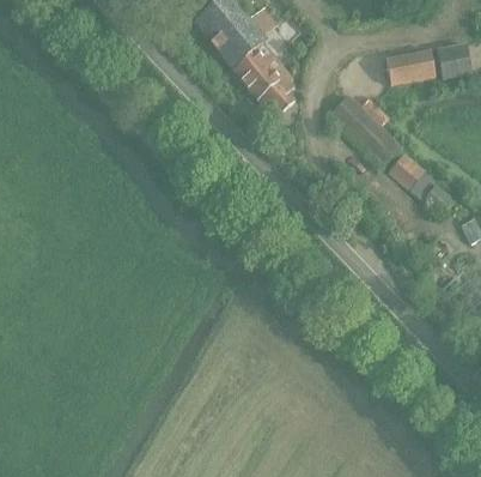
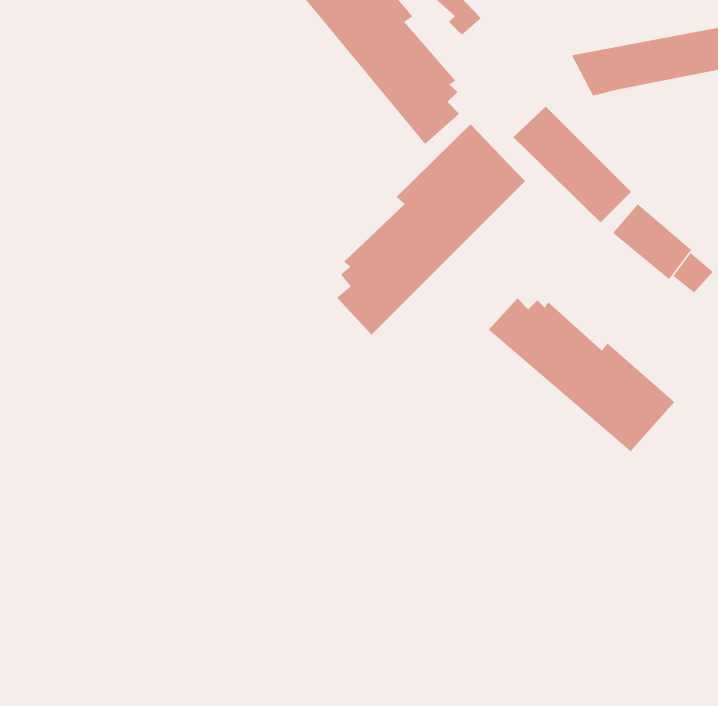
building: none -> [336,124,526,336]
building: none -> [488,297,675,452]

